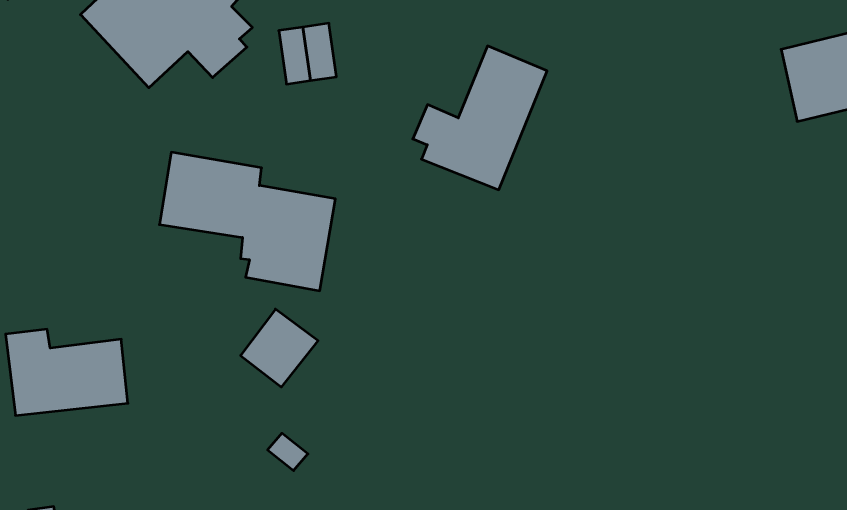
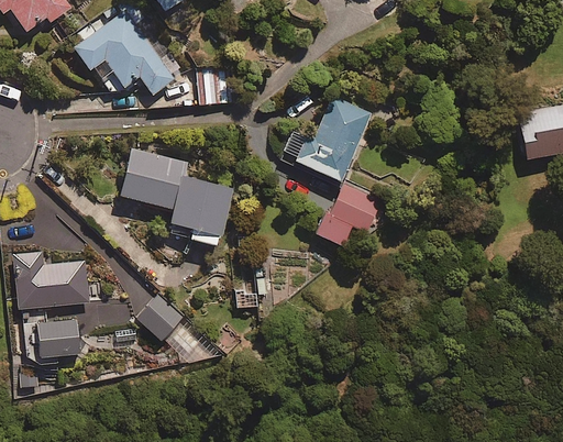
building: none -> [313,185,379,242]
building: [241,309,318,387] -> [134,289,184,339]
building: none -> [24,312,77,357]

